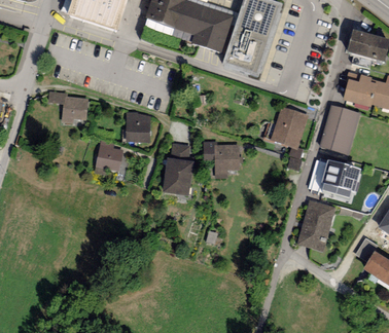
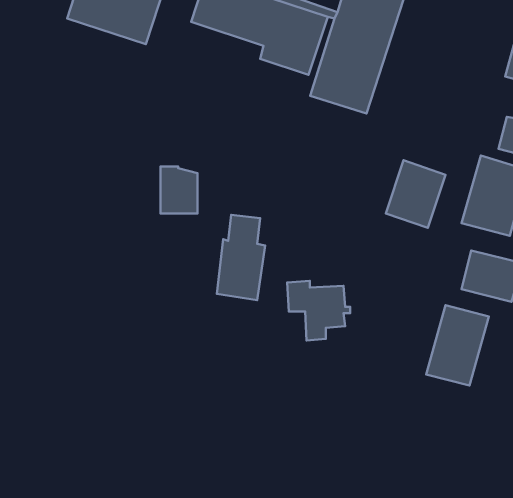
building: [48,90,89,122] -> none
building: [203,140,243,178] -> [287,281,350,341]
building: [97,147,123,173] -> none

